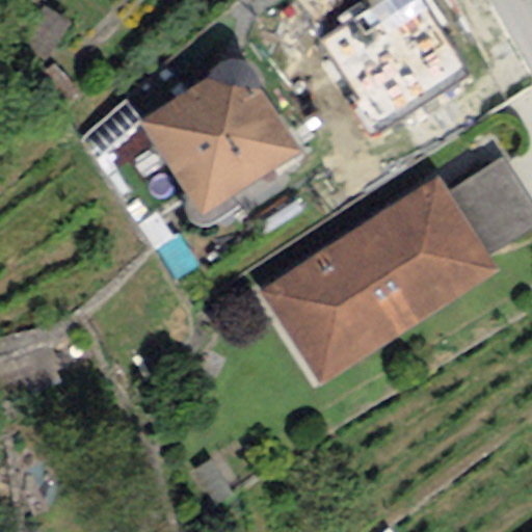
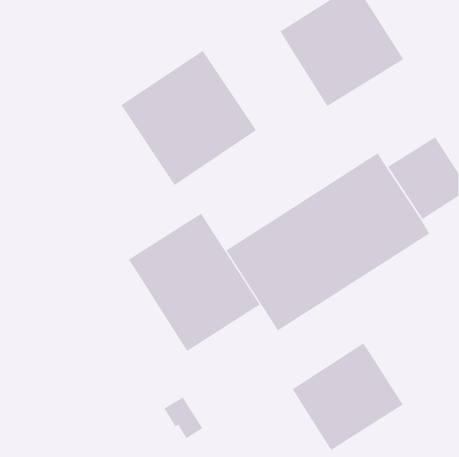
building: none -> [128,213,261,352]
building: none -> [292,343,404,451]

